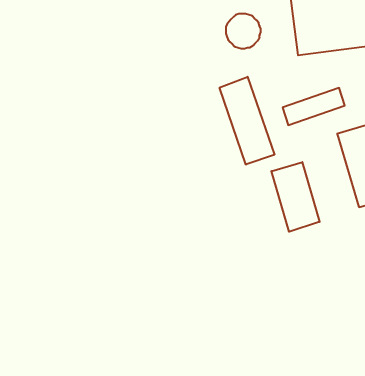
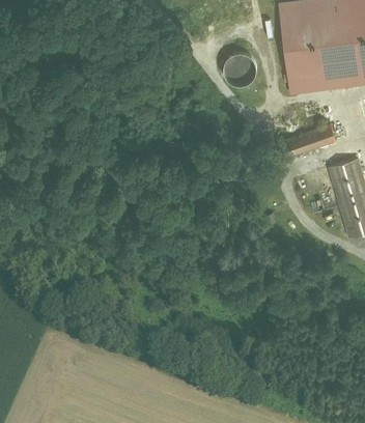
building: [220,77,274,165] -> none
building: [271,162,320,232] -> none

